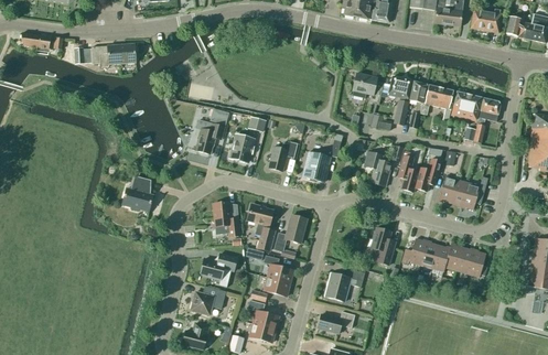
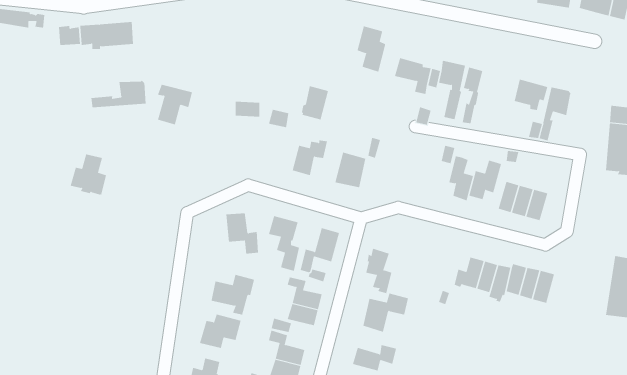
building: none -> [357,26,386,73]
building: [420,84,452,120] -> none
building: none -> [91,79,146,108]
building: [194,119,224,153] -> [157,84,193,125]
building: [229,133,252,162] -> [301,86,329,120]
building: [363,150,391,186] -> none
building: [121,176,152,212] -> [70,154,107,196]
building: [369,226,393,265] -> [364,247,392,294]

